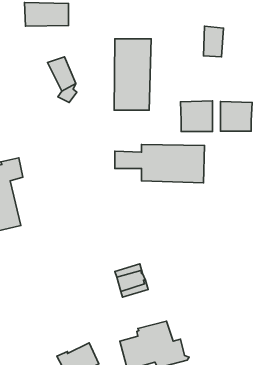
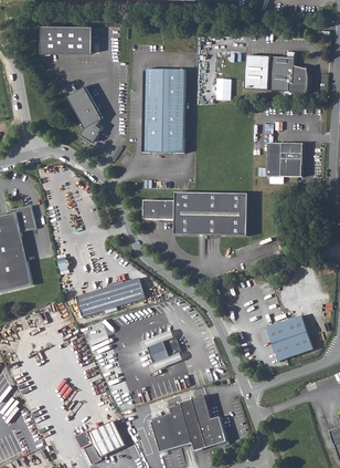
building: none -> [267,55,309,91]
building: [180,101,213,132] -> none
building: none -> [79,275,148,314]
building: none -> [267,314,312,360]

